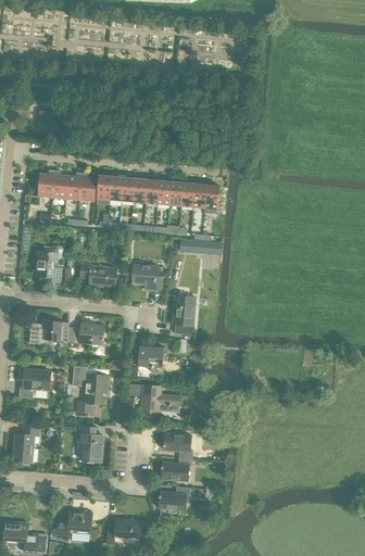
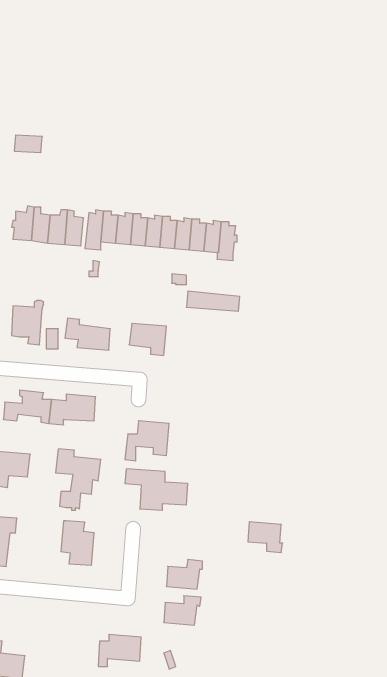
building: [172,295,193,333] -> none
building: [163,433,191,458] -> [248,522,283,552]
building: [55,510,91,542] -> none

